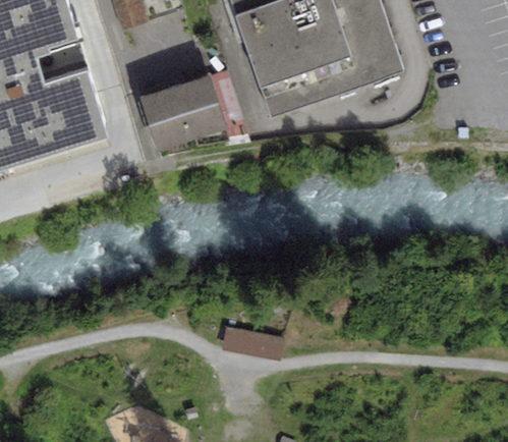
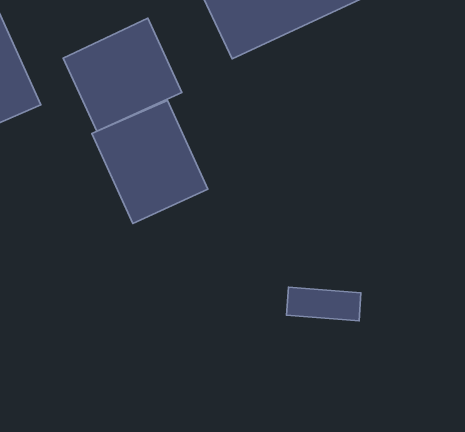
building: none -> [92,100,208,223]
building: [224,325,286,358] -> [287,287,361,321]

